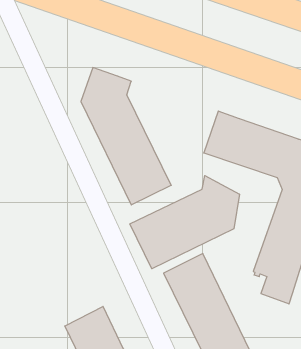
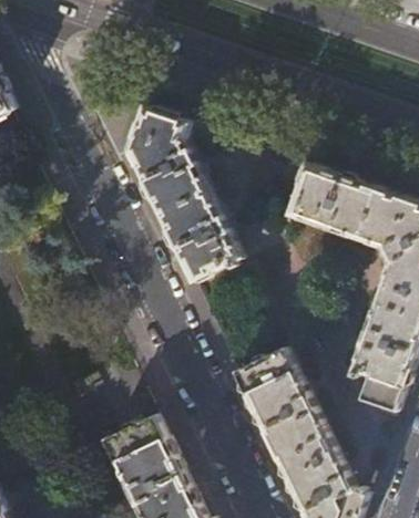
building: [130,176,239,269] -> none

